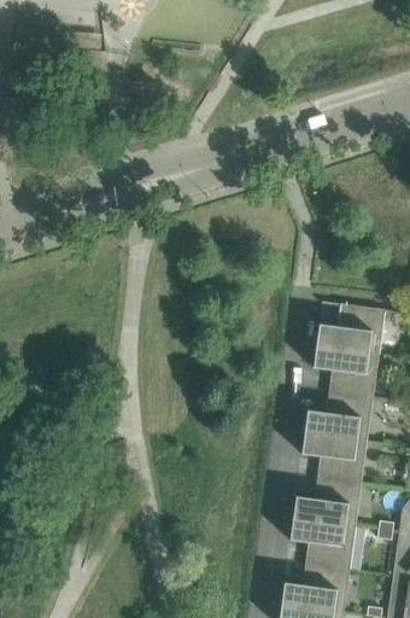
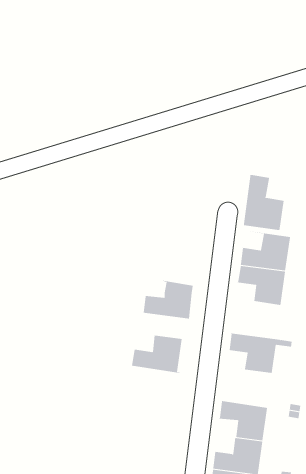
building: none -> [243,174,285,235]
building: [301,391,371,441] -> [142,280,197,319]
building: [291,478,359,527] -> [131,335,185,374]

